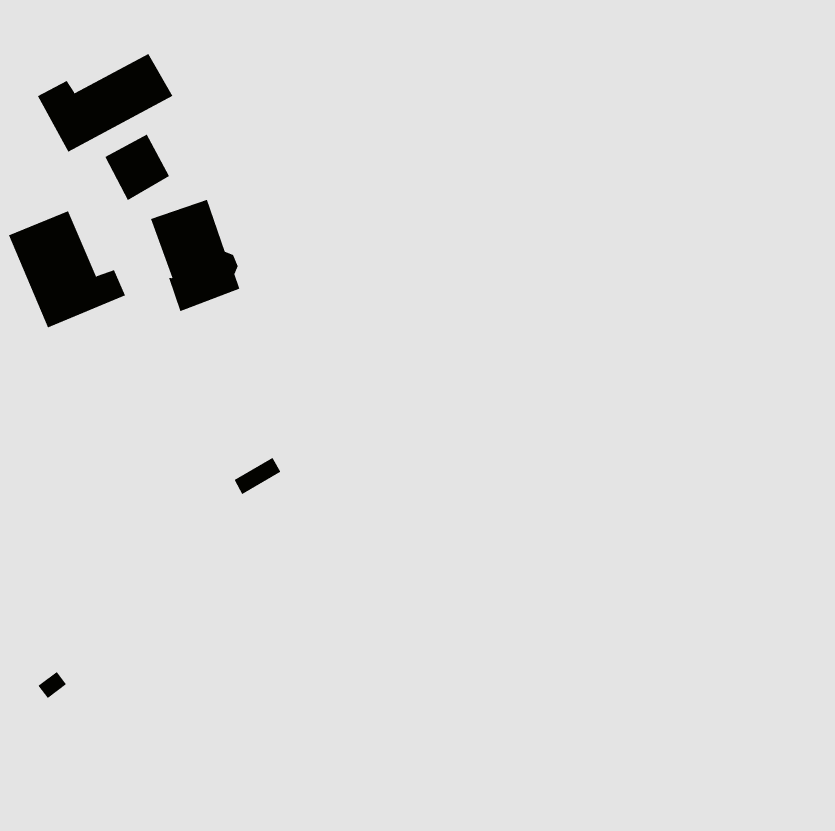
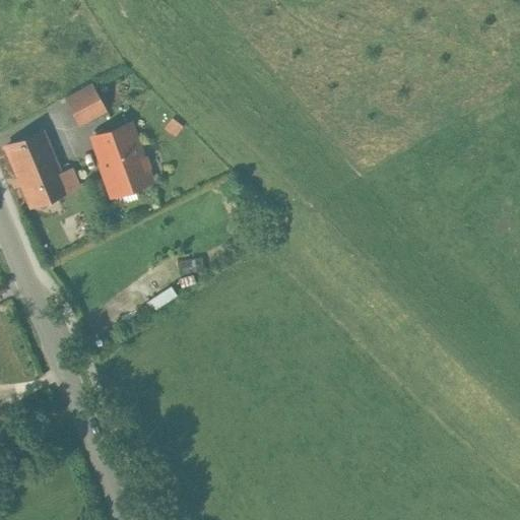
building: [37,53,173,153] -> none

